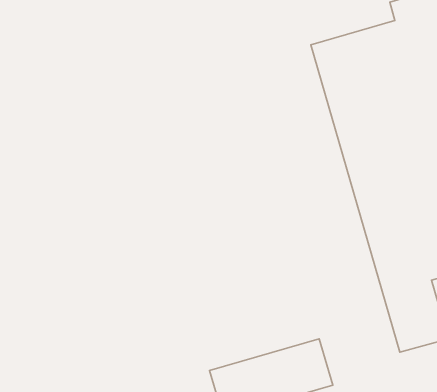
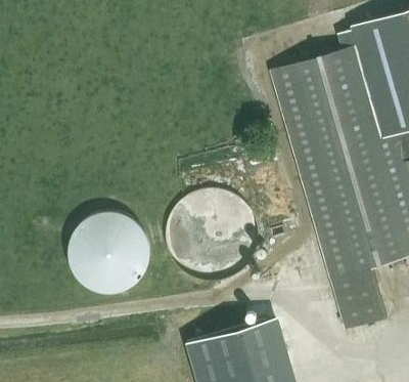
building: none -> [165,188,258,282]
building: none -> [64,211,148,294]

